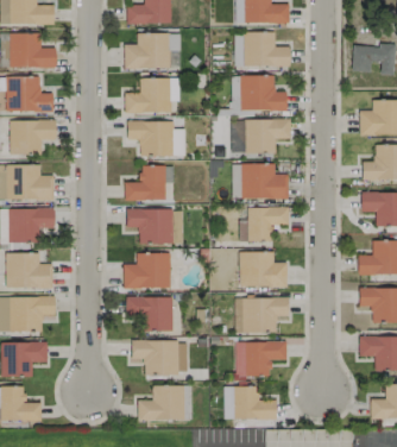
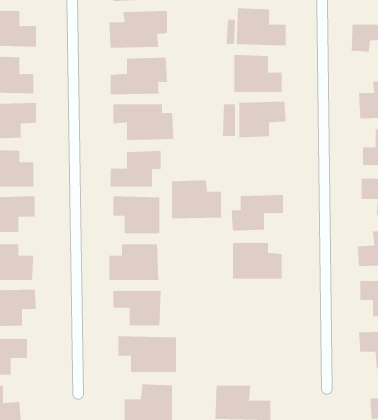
building: [241,163,289,200] -> [171,180,222,219]
building: [234,297,290,333] -> none
building: [237,341,288,377] -> none

